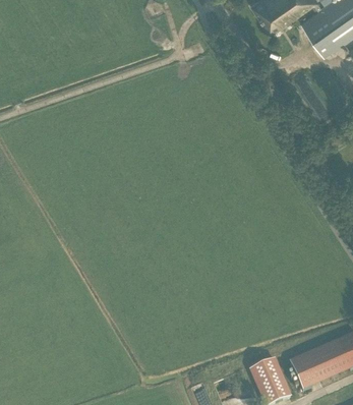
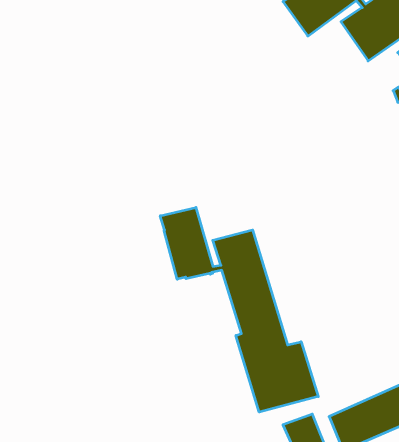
building: none -> [160,207,318,412]

